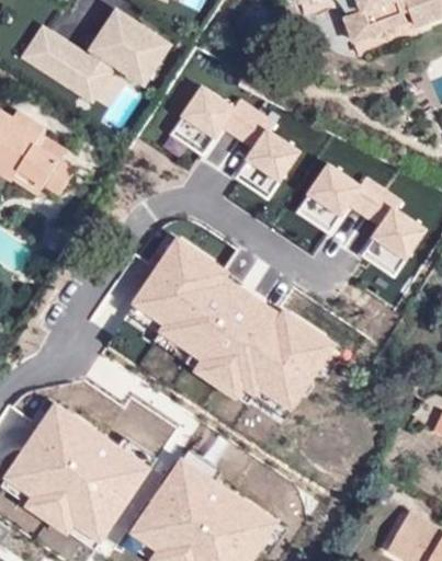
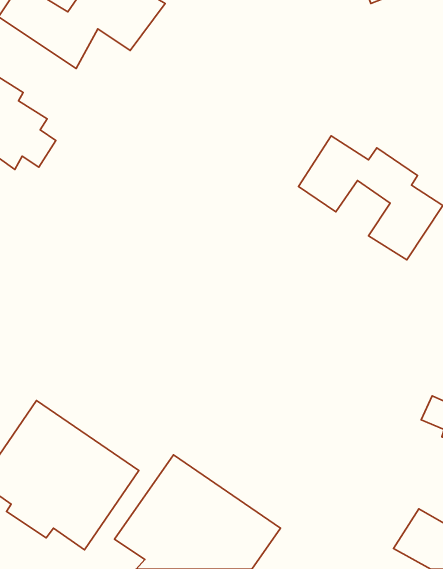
building: [170,87,303,201] -> none
building: [132,238,331,407] -> none

